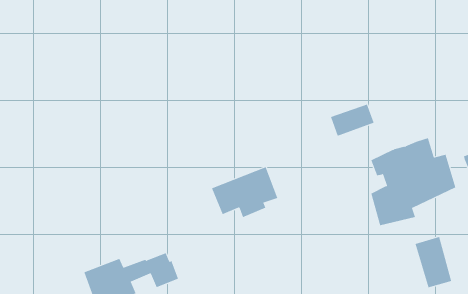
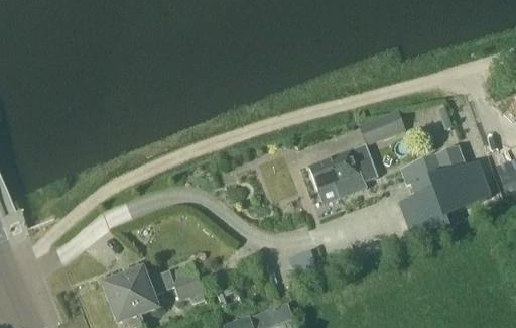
building: [211,167,278,218] -> [309,143,378,196]
building: [415,236,452,288] -> none

